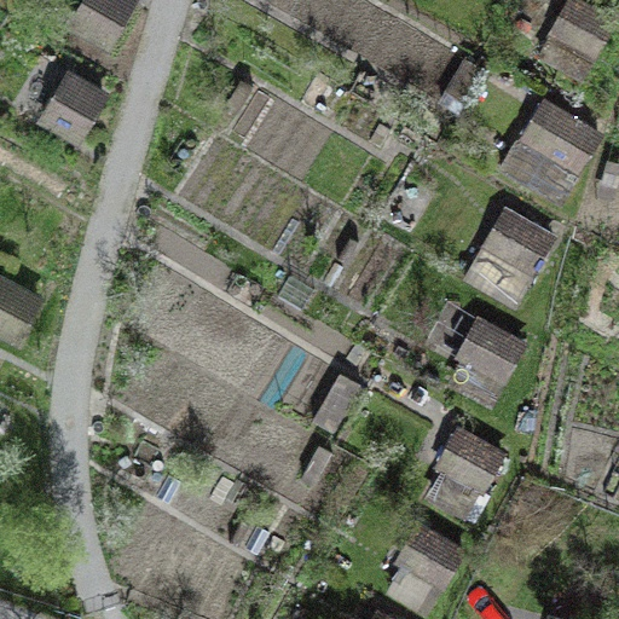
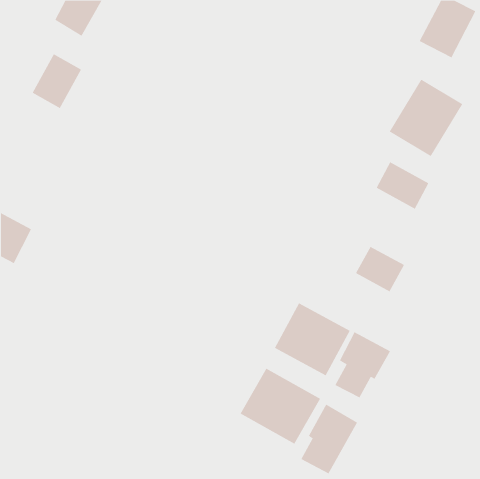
building: none -> [274,303,350,376]
building: none -> [240,368,321,445]

